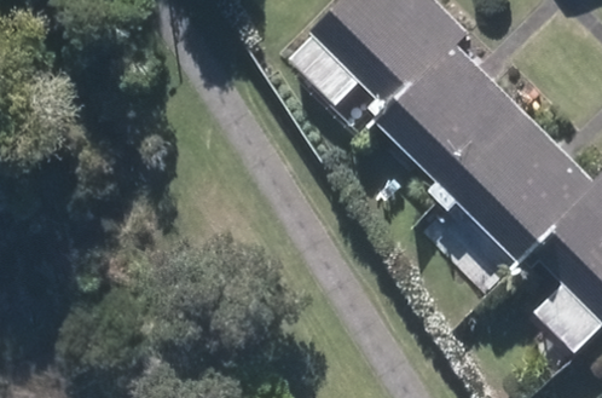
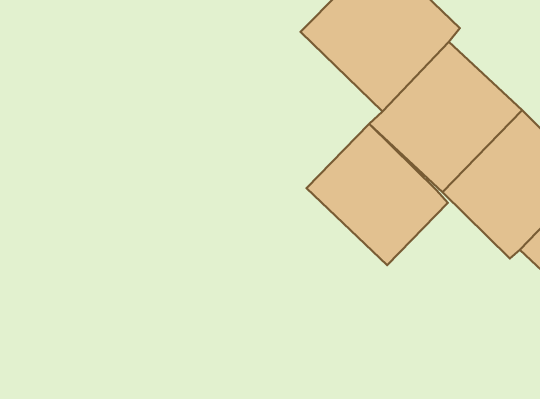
building: none -> [307,124,448,265]

